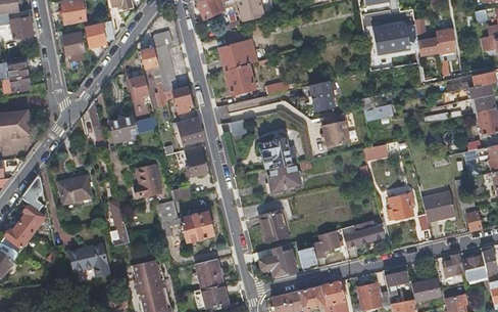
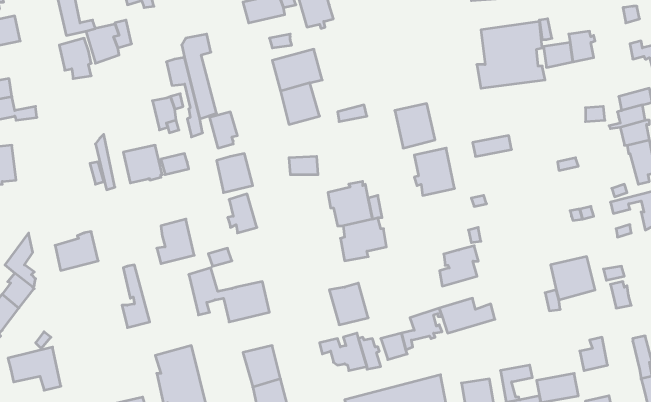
building: [386,192,414,222] -> [440,246,478,286]
building: [68,246,107,277] -> [8,347,61,390]
building: [462,255,487,281] -> none

